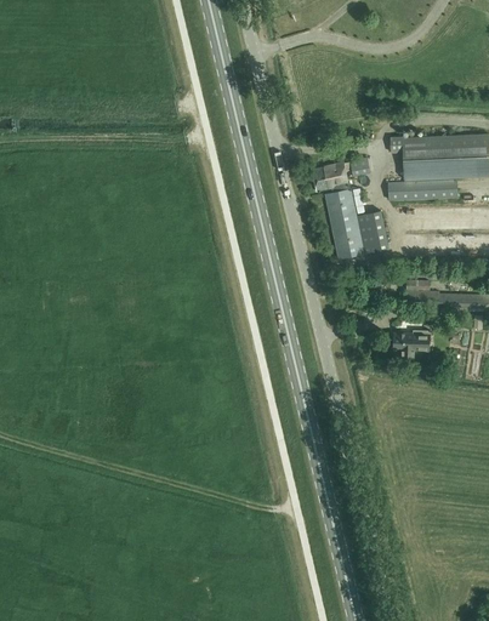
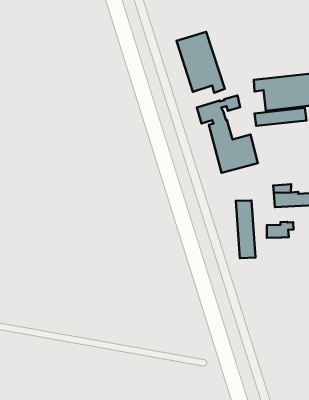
building: none -> [177,32,225,93]
building: none -> [236,200,256,258]

